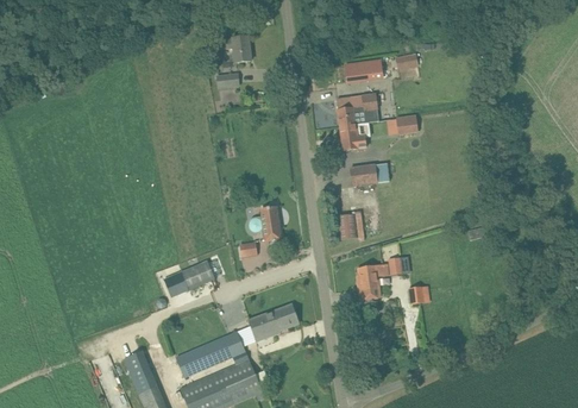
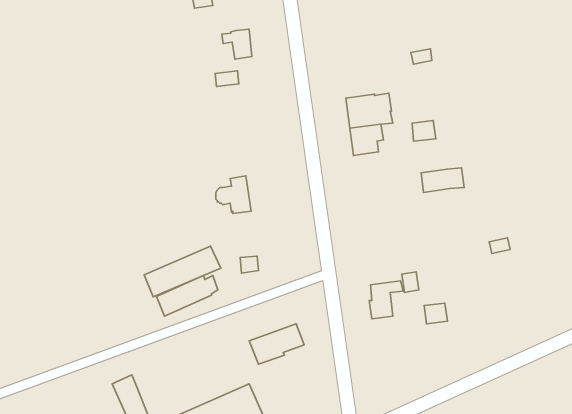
building: [345,59,383,82] -> none
building: [351,162,390,184] -> [421,168,464,193]
building: [249,206,281,240] -> [216,176,251,214]
building: [339,212,364,239] -> none
building: [176,331,246,377] -> [144,246,221,297]

